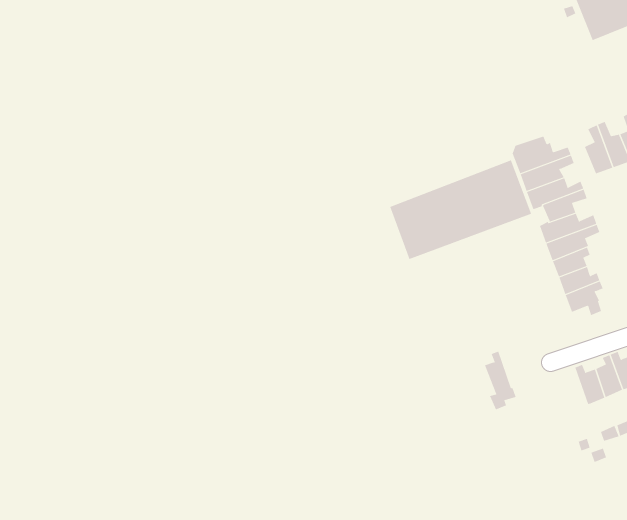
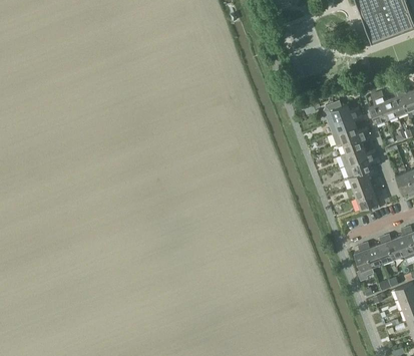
building: [389,160,532,260] -> none
building: [484,351,516,410] -> [353,244,373,281]

